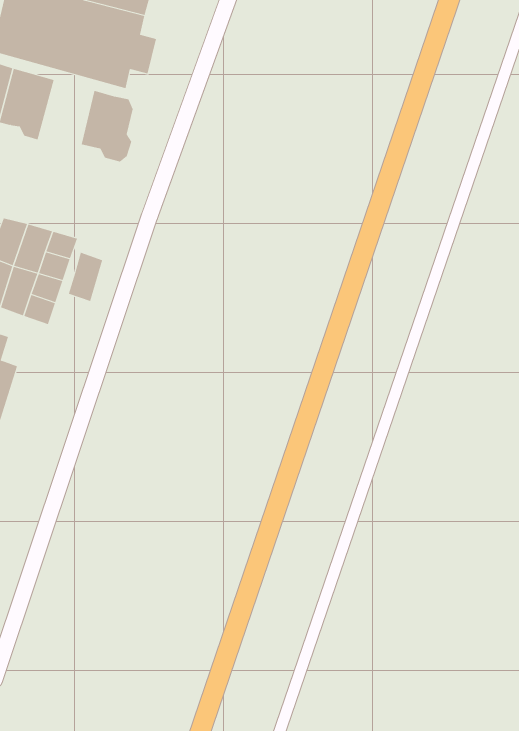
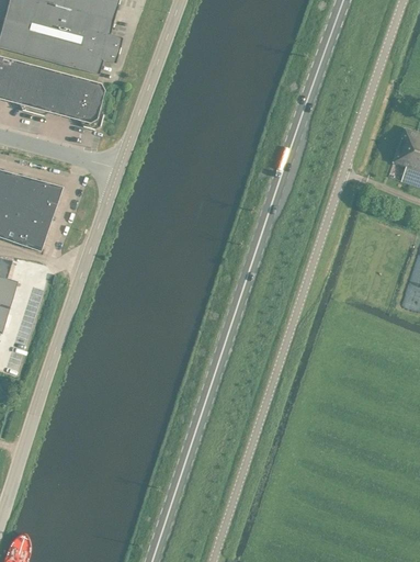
building: none -> [32,68,73,116]
building: [68,252,103,302] -> none

